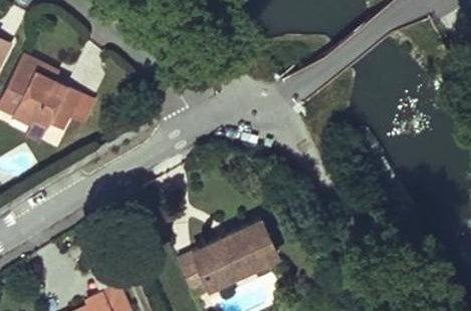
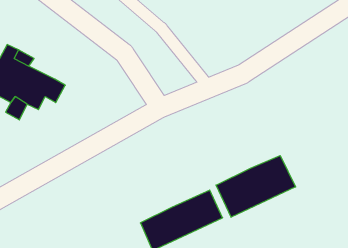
building: none -> [216,156,296,217]

